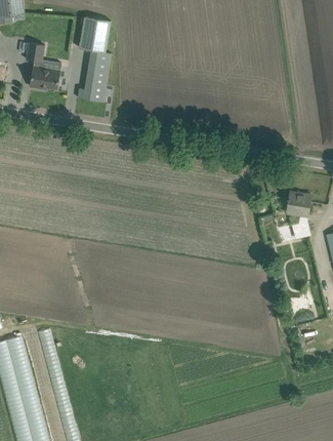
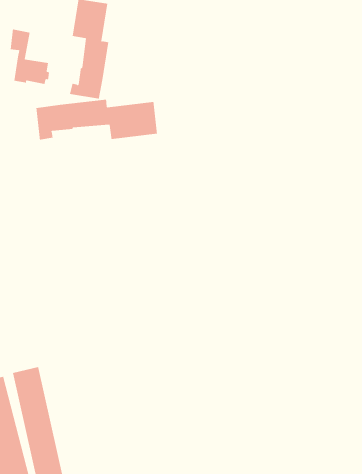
building: none -> [36,99,158,141]
building: [287,192,310,238] -> none

